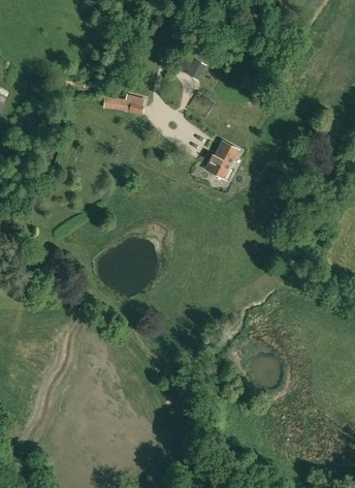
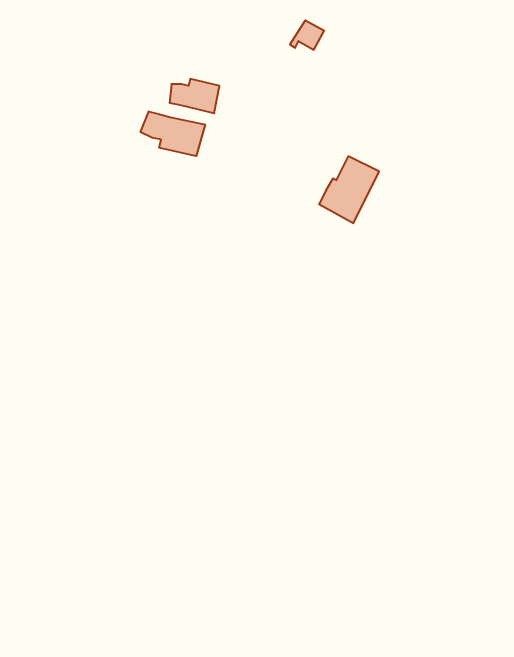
building: none -> [141,111,205,156]

